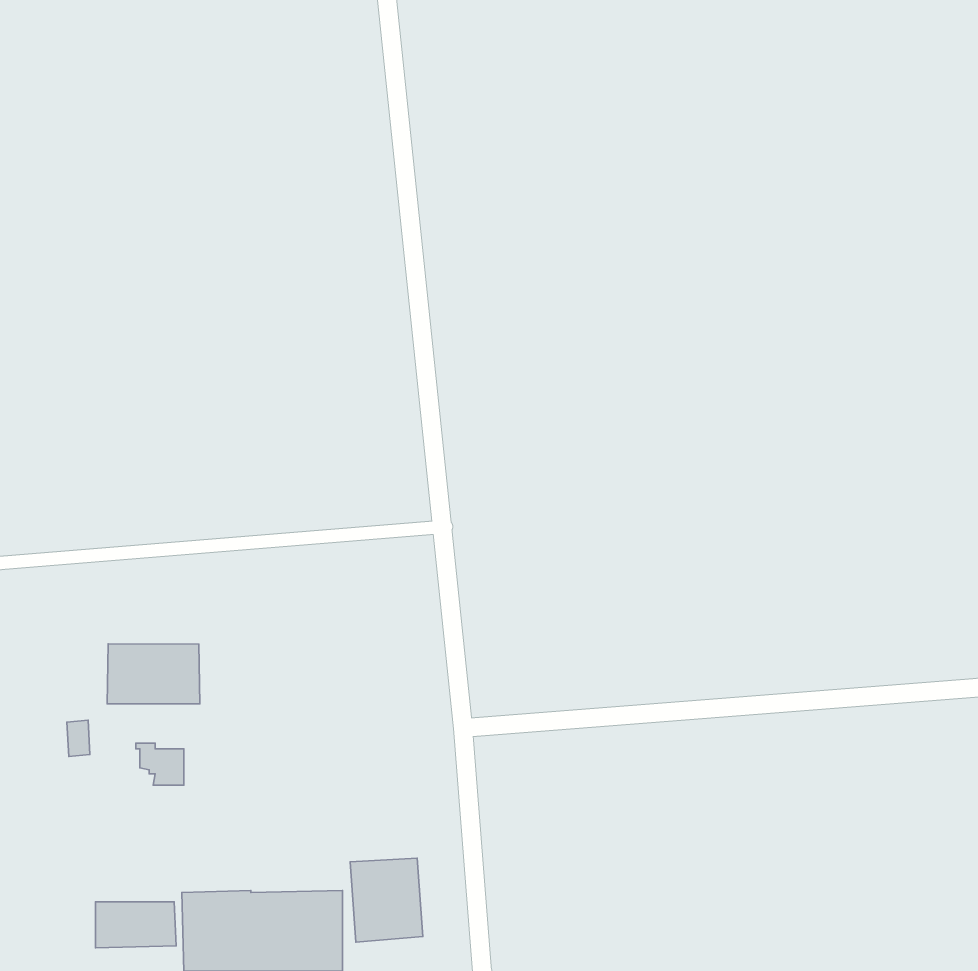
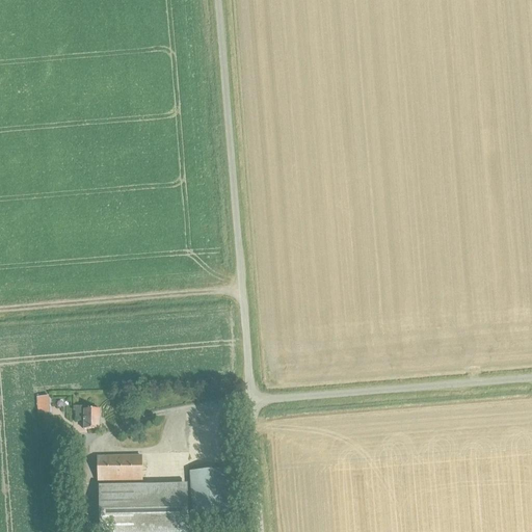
building: [107,644,200,704] -> none
building: [96,902,176,948] -> [99,453,142,478]

